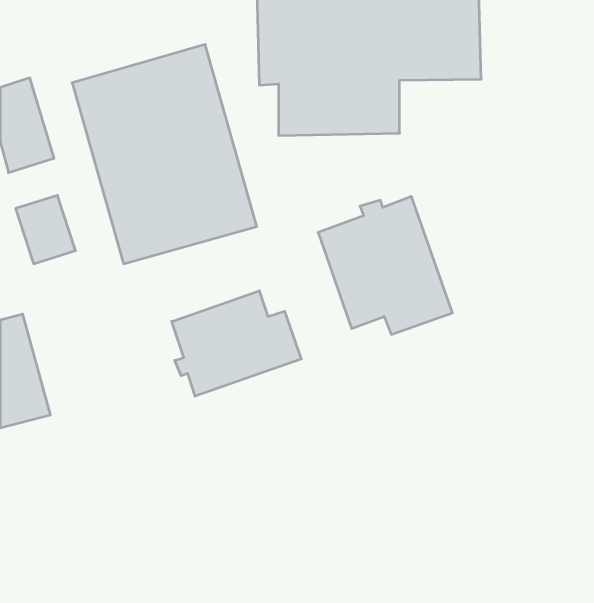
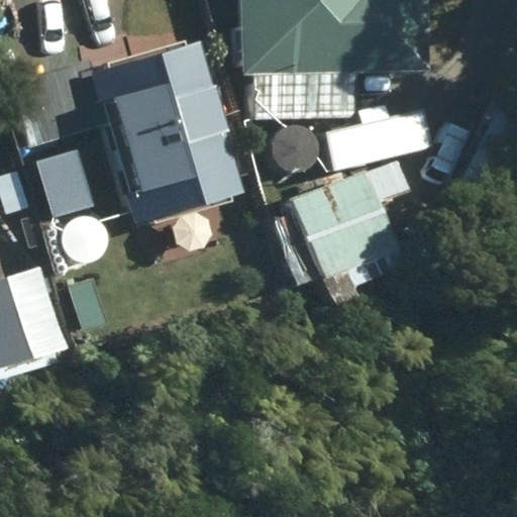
building: [172,291,301,396] -> none

